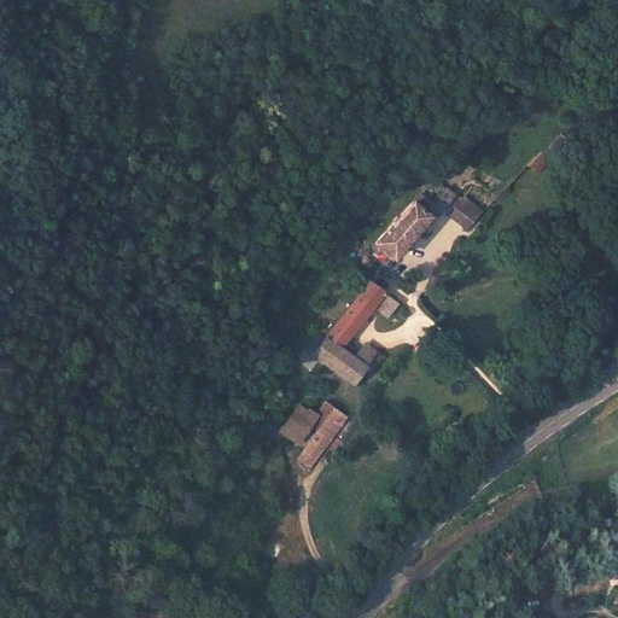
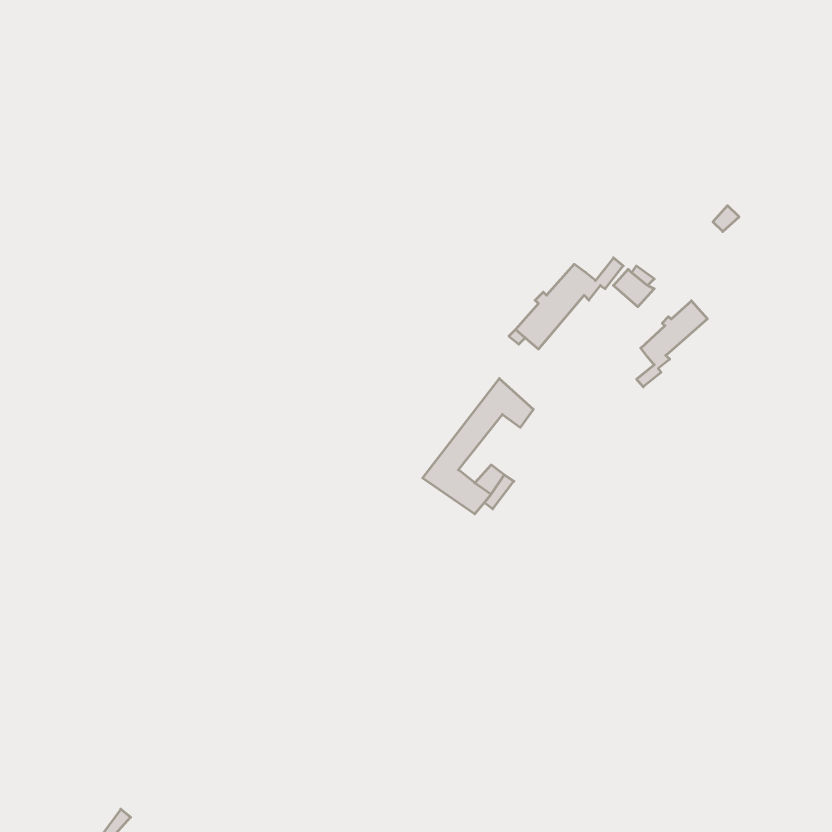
building: none -> [637,301,707,387]
building: [280,402,345,468] -> none

